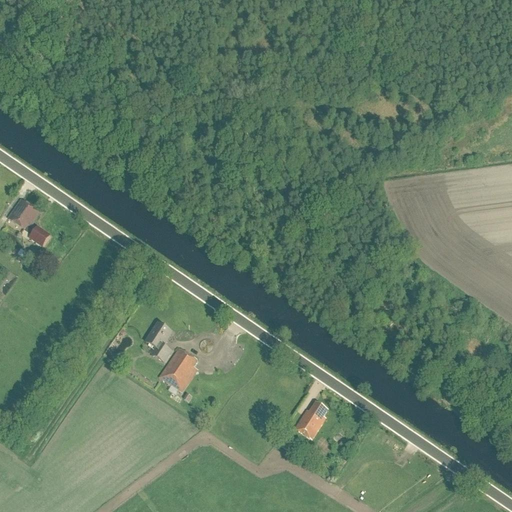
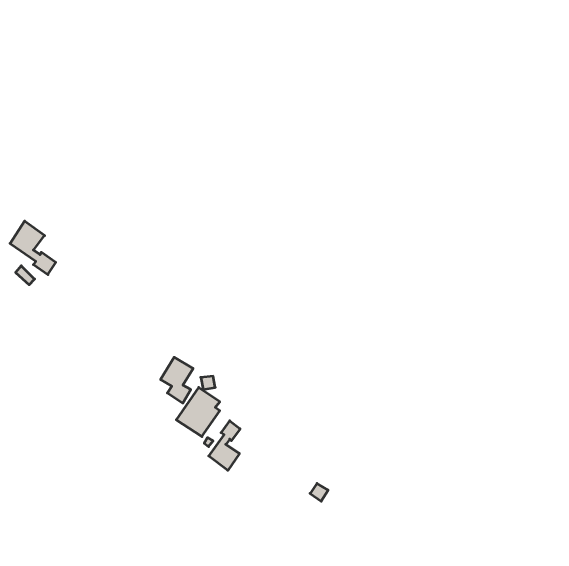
building: none -> [209,421,240,470]
building: [293,400,327,438] -> none

